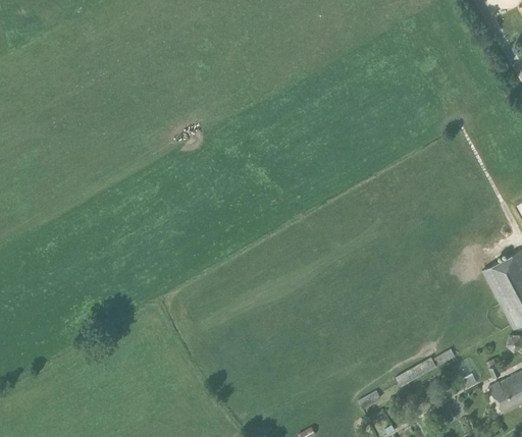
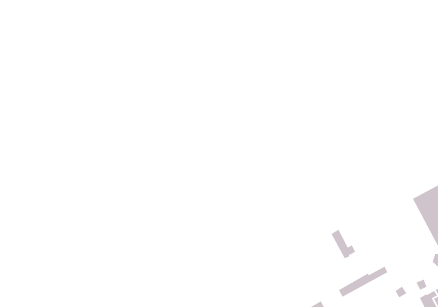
building: none -> [331,229,356,259]

